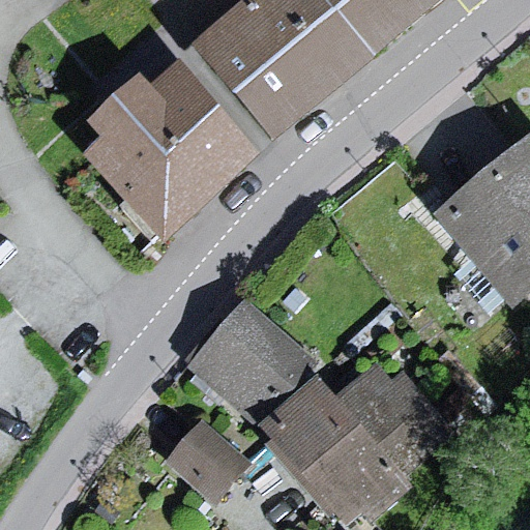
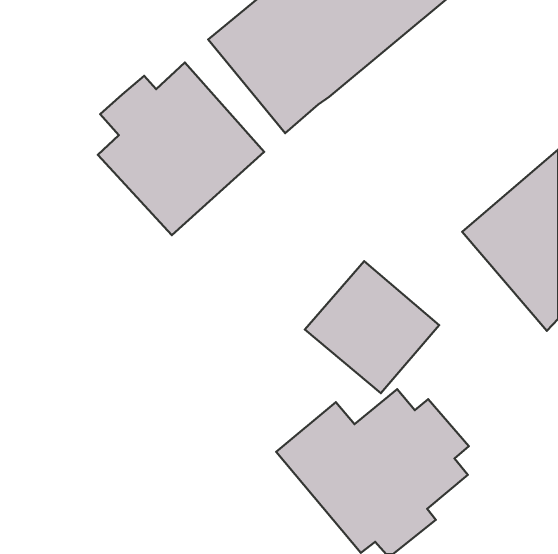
building: [188,301,315,425] -> [305,261,439,393]
building: [163,420,249,506] -> none

